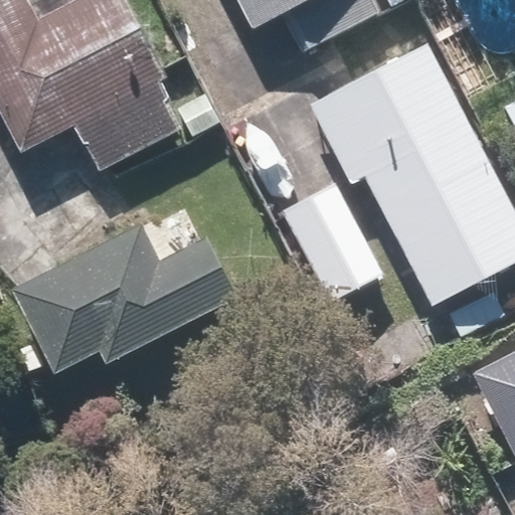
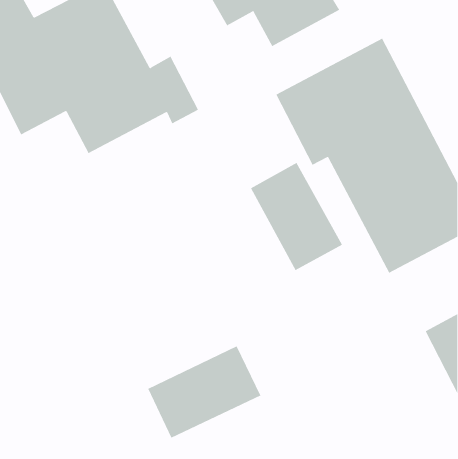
building: [11,221,237,373] -> none
building: none -> [148,345,261,439]

